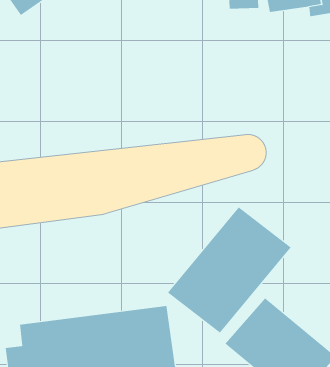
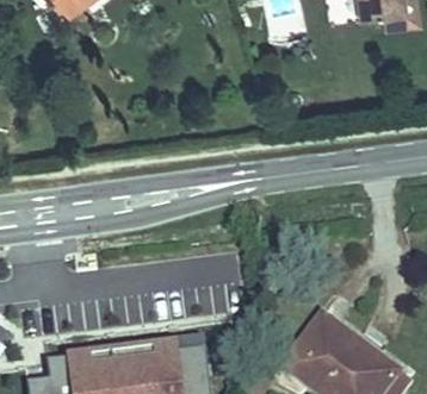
building: [167,206,291,334] -> none

